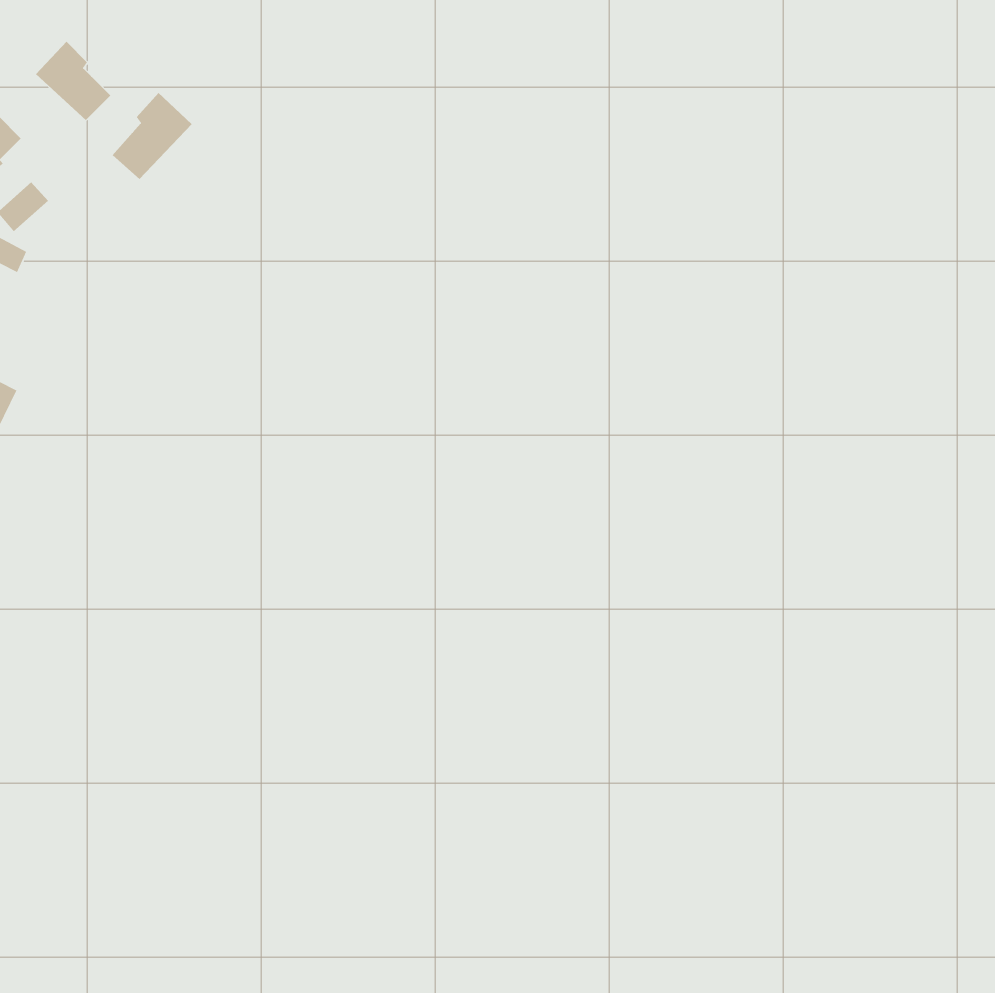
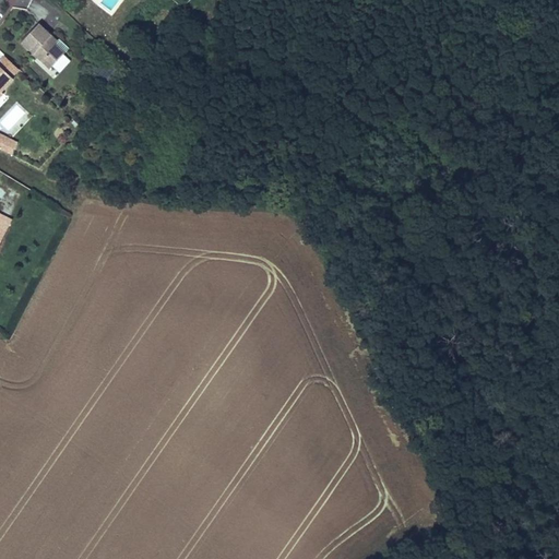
building: [112,92,193,180] -> none

